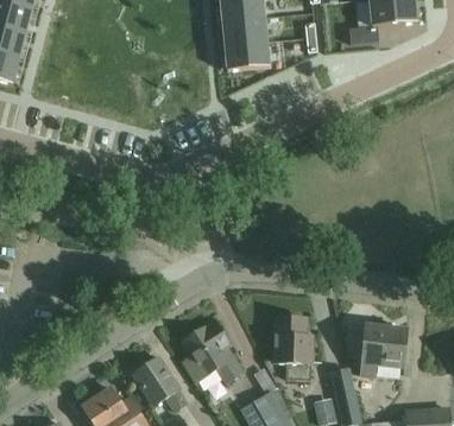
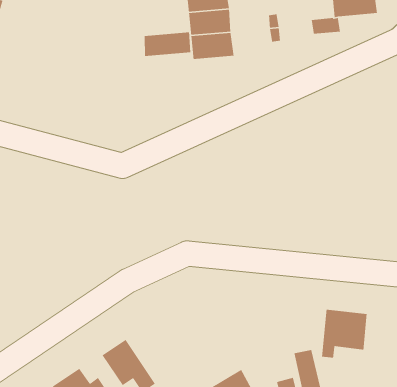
building: none -> [144,31,191,57]
building: [273,318,310,380] -> none
building: [182,320,240,383] -> none

